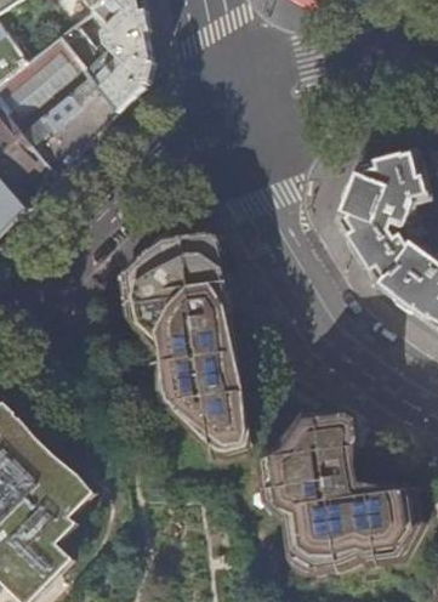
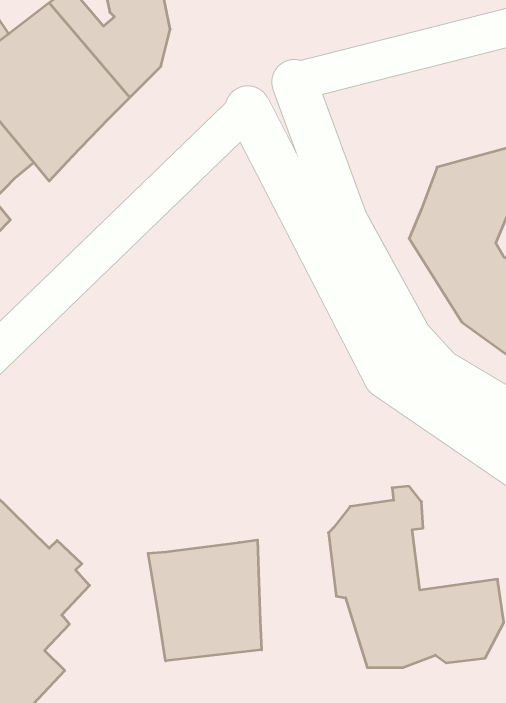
building: [131,240,239,443] -> none
building: none -> [148,540,262,661]

